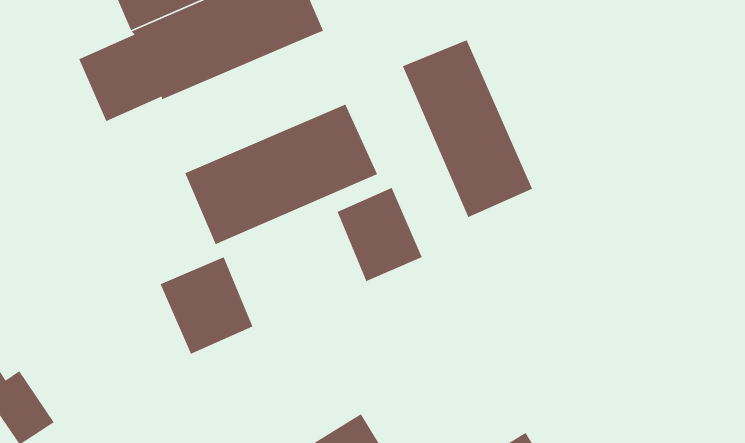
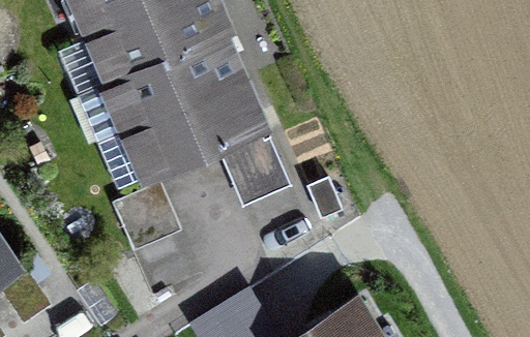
building: none -> [79,34,239,141]
building: [402,39,533,218] -> none

